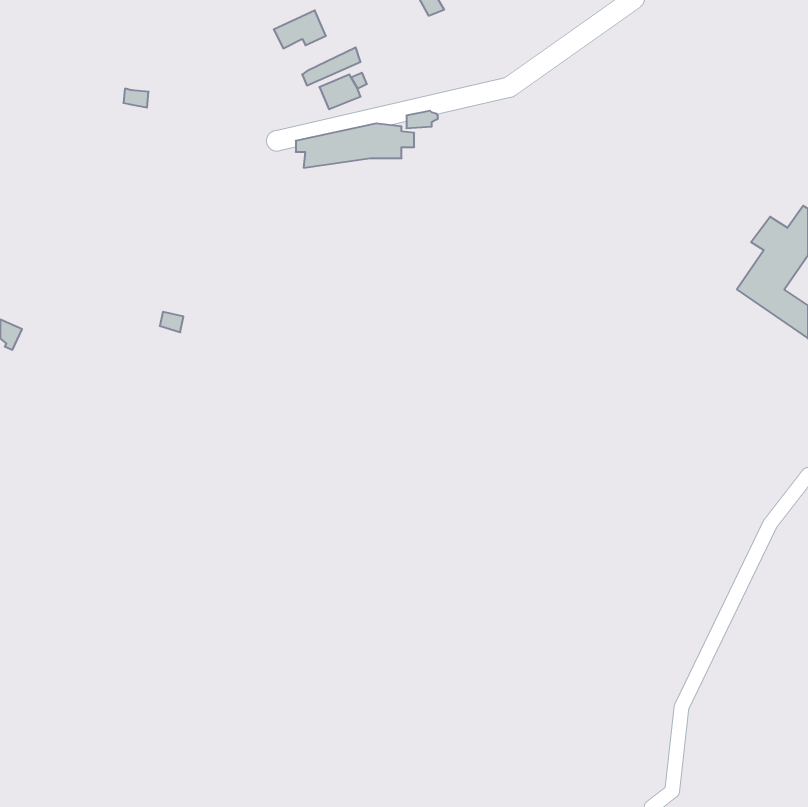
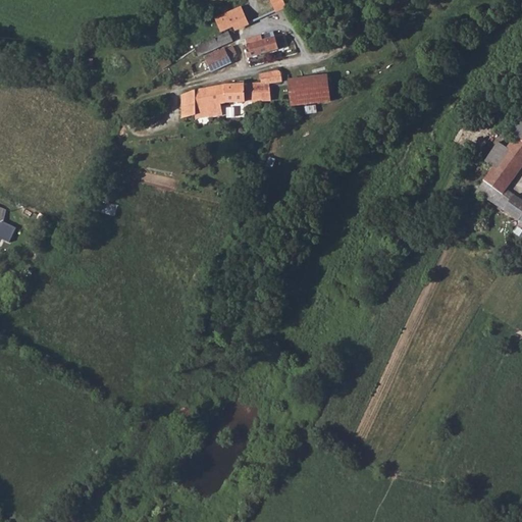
building: [274,10,326,48] -> [215,6,249,31]
building: none -> [246,35,279,57]
building: none -> [291,75,330,104]

